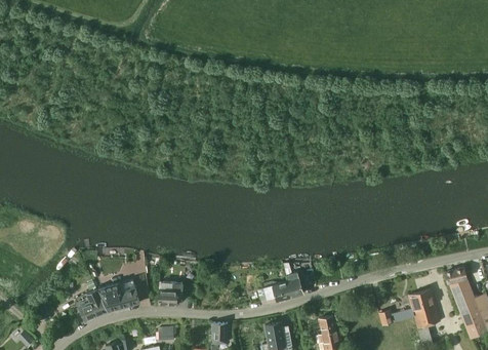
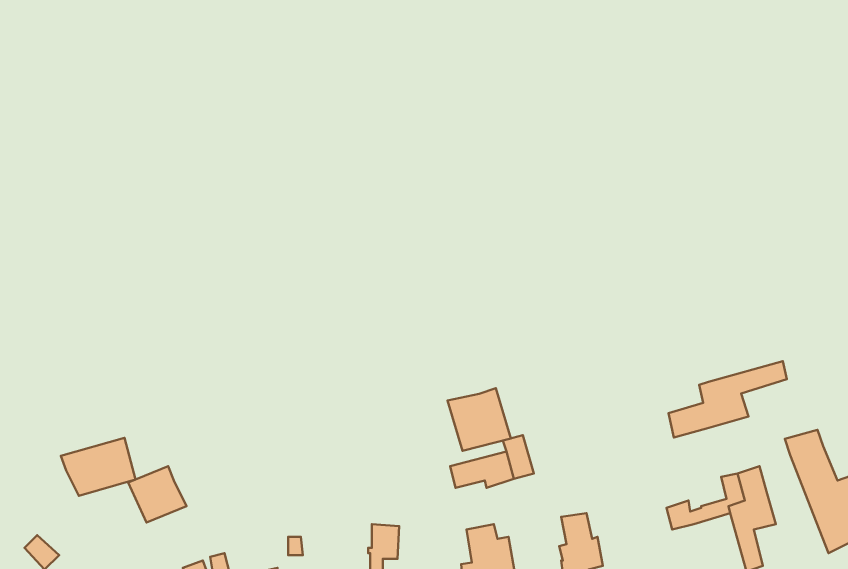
building: none -> [669,361,787,437]
building: none -> [447,388,511,451]
building: [97,278,139,311] -> [61,438,135,496]
building: [159,282,182,306] -> none

